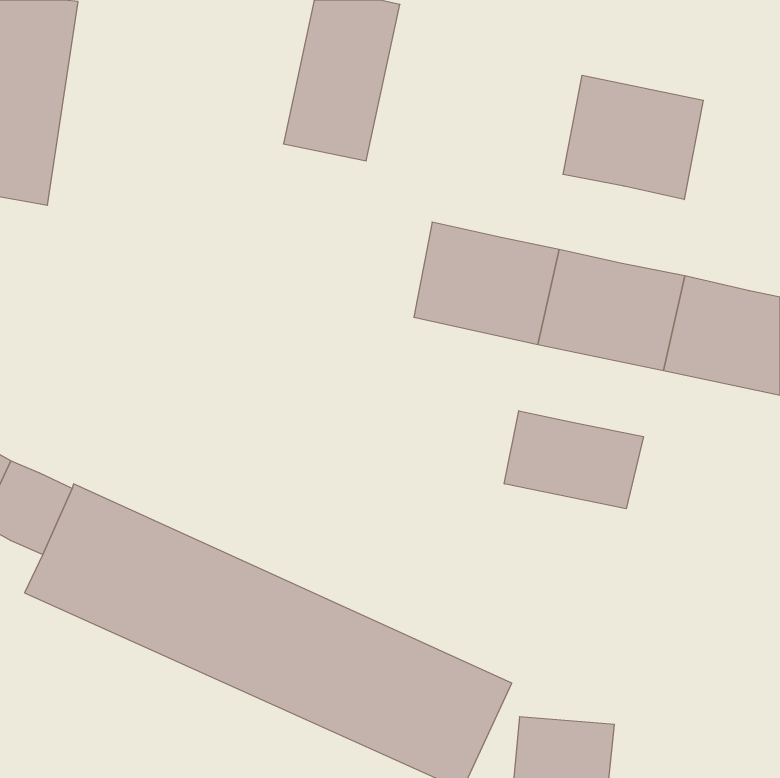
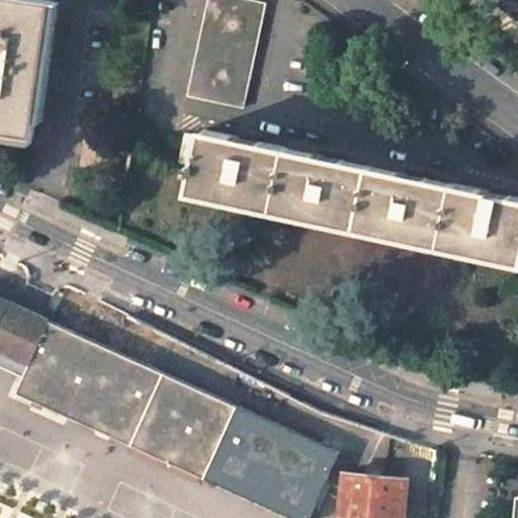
building: [563,75,703,200] -> none
building: none -> [179,133,285,212]
building: [504,411,643,509] -> none

